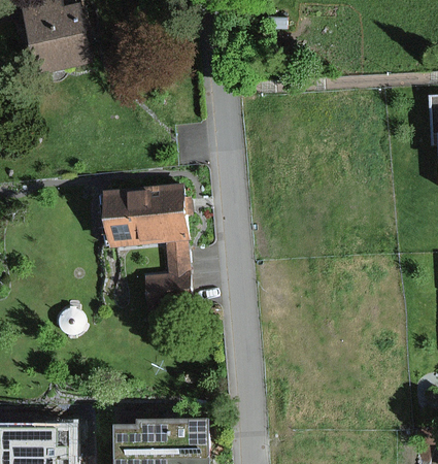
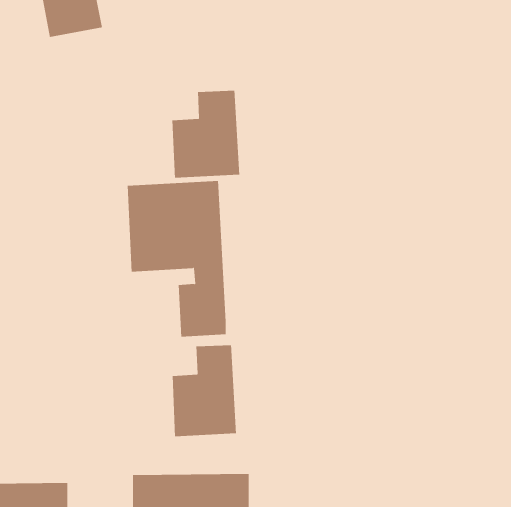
building: none -> [172,90,240,179]
building: none -> [172,344,237,437]

